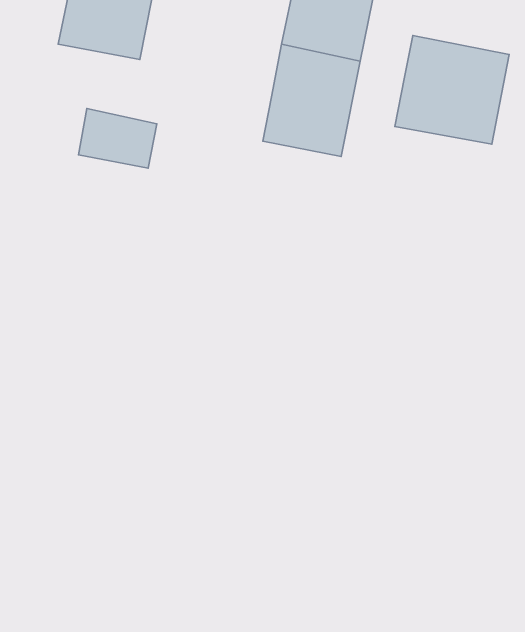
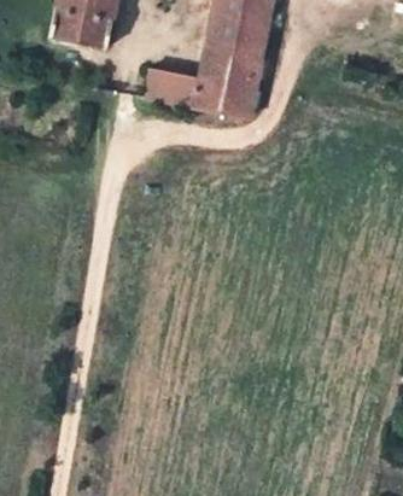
building: [395,36,509,144] -> none
building: [78,109,157,168] -> [144,65,199,107]

